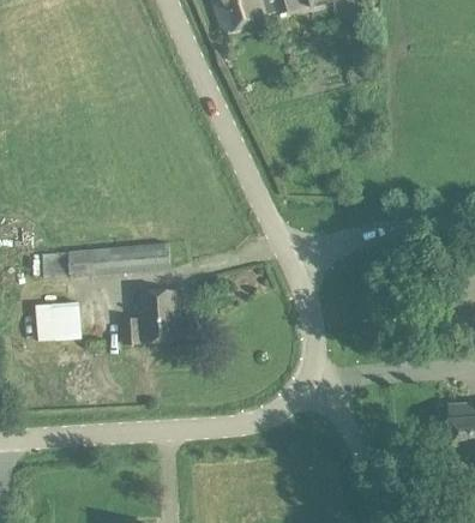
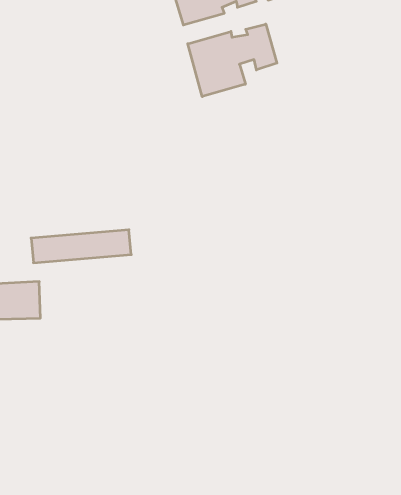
building: none -> [188,24,277,97]
building: [124,289,182,341] -> none

